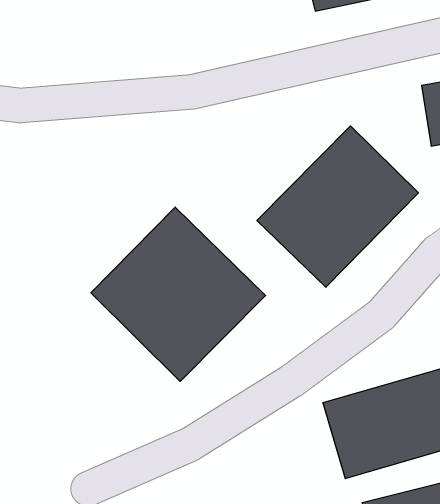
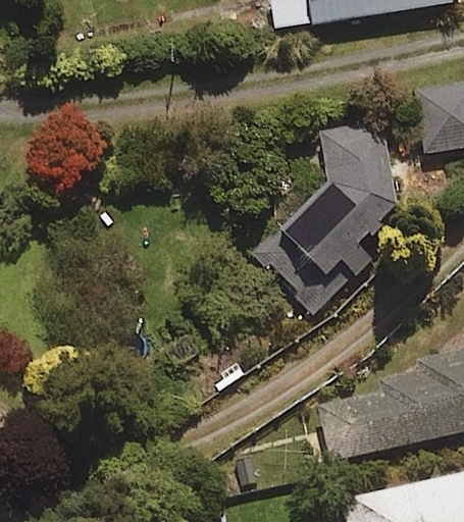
building: [91,207,266,381] -> none

